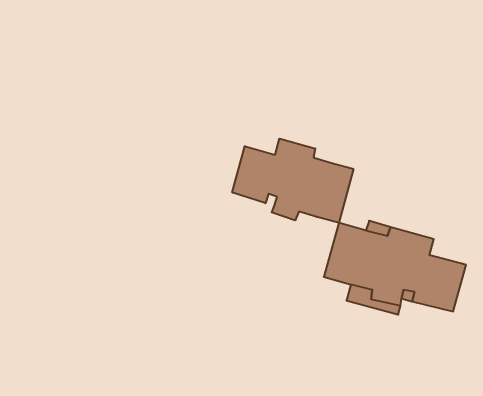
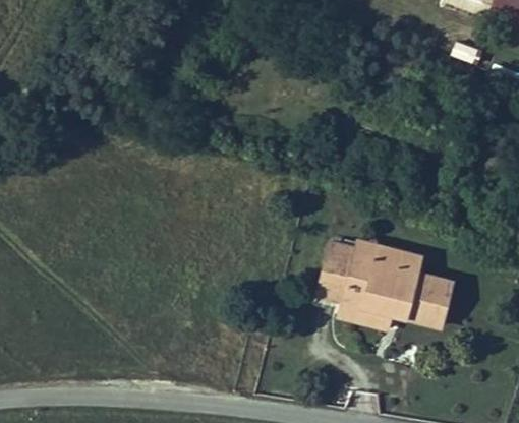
building: [232,139,353,223] -> none

